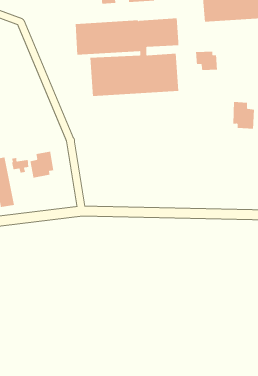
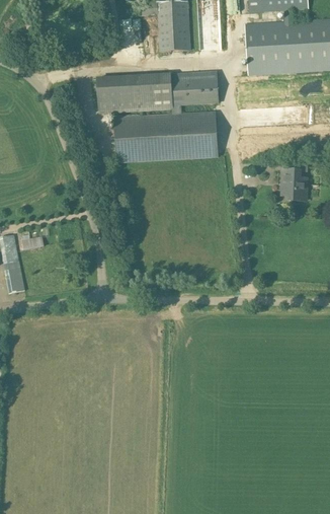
building: [195,51,217,71] -> none
building: [30,151,54,178] -> none

